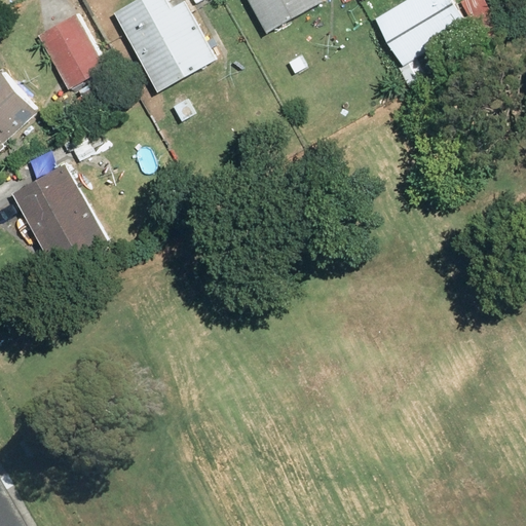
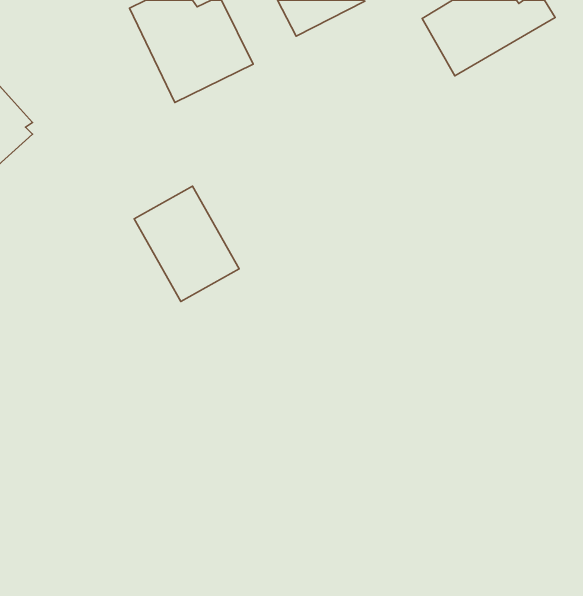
building: [35,11,108,92] -> none
building: [11,162,104,264] -> [134,186,239,302]

